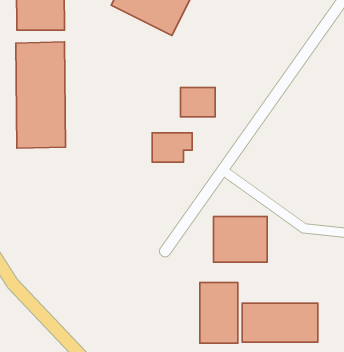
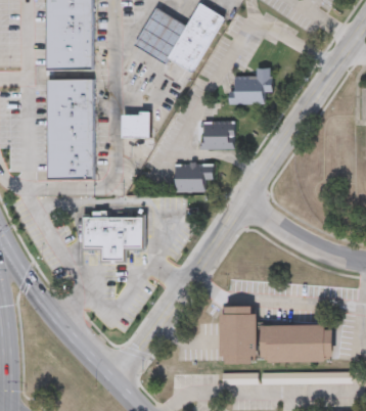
building: none -> [232,67,271,103]
building: none -> [122,113,149,137]
building: none -> [83,216,142,261]
building: [214,216,267,262] -> none

